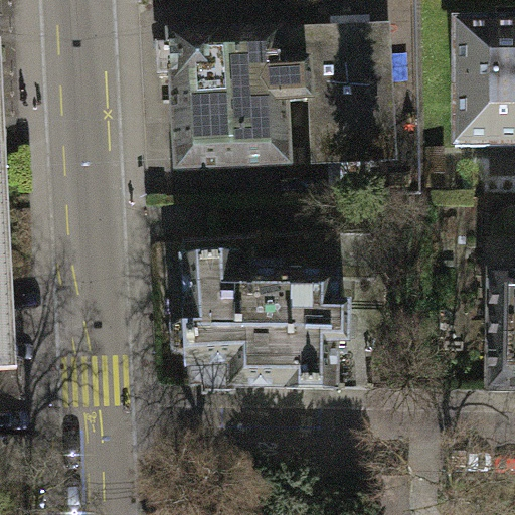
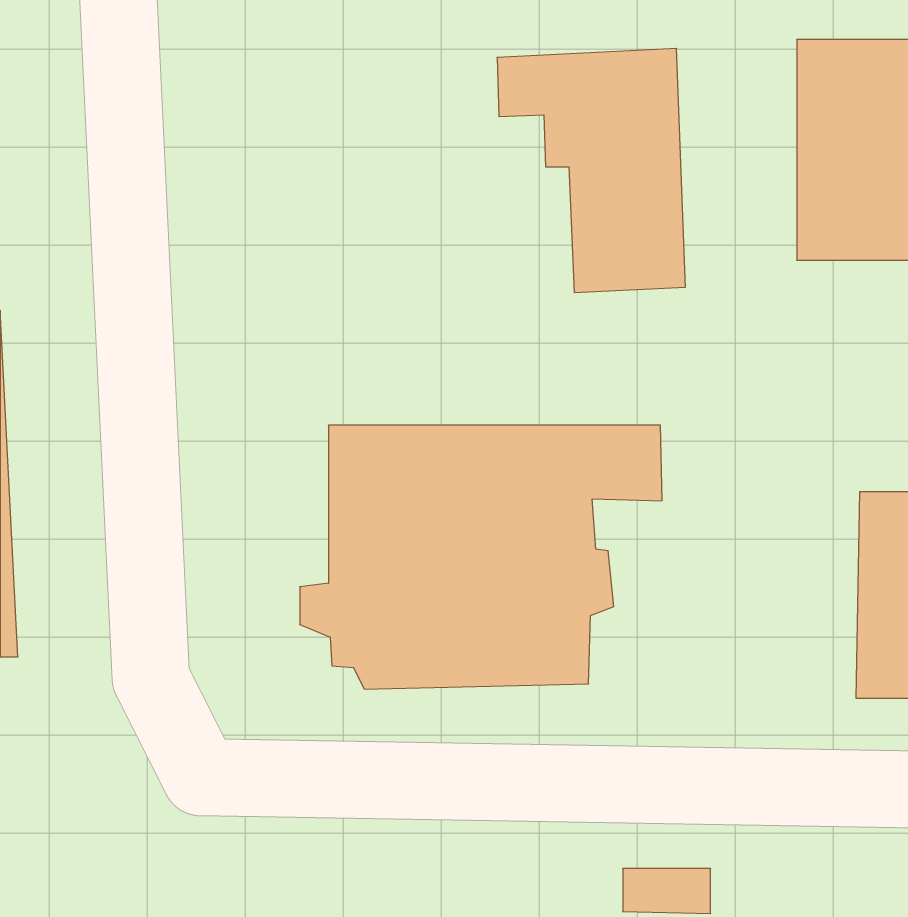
building: [162,32,312,169] -> none

